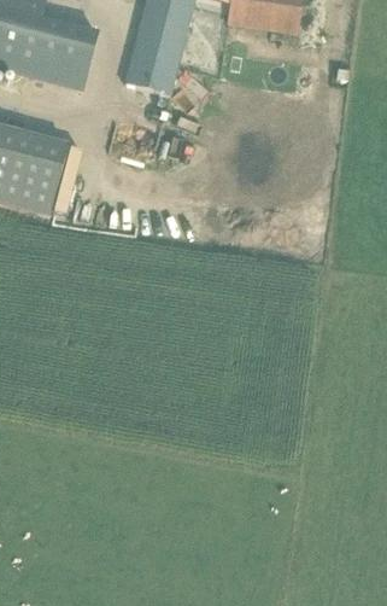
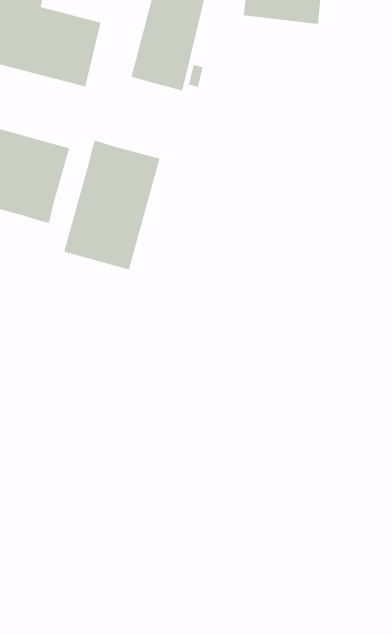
building: none -> [63,140,160,271]

